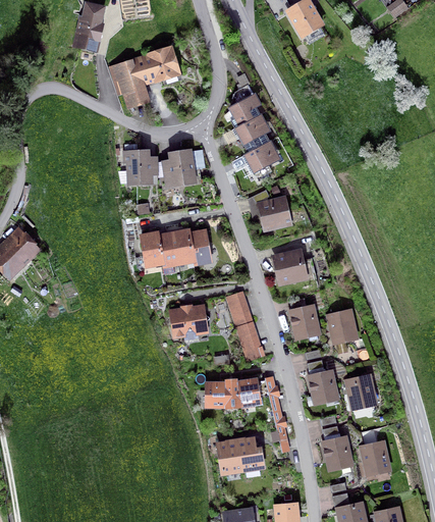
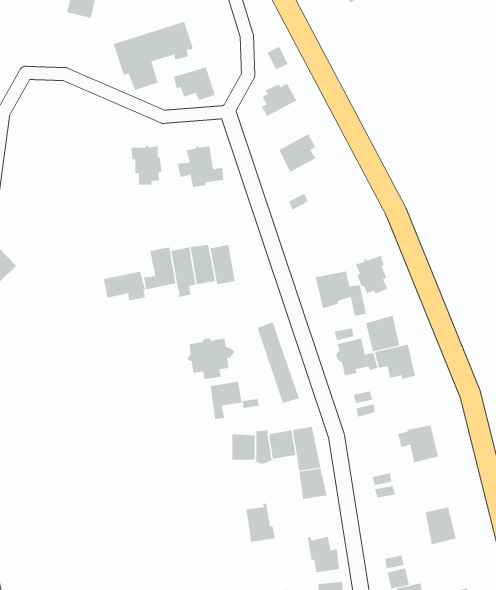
building: none -> [173,66,215,101]
building: [235,113,269,151] -> none
building: [260,198,286,227] -> none
building: none -> [355,255,388,294]
building: none -> [103,271,146,301]
building: none -> [366,315,400,352]
building: none -> [204,381,242,420]
building: [310,370,343,401] -> none
building: [324,436,349,467] -> none
building: [235,437,262,467] -> [307,536,340,573]

